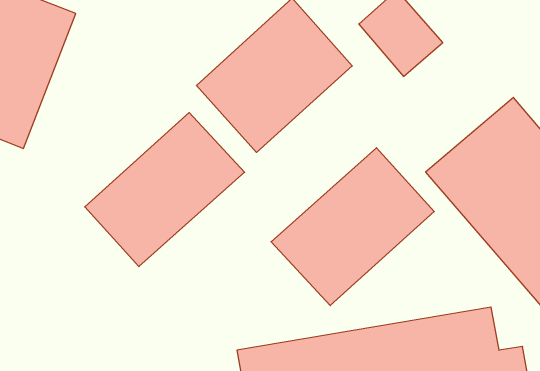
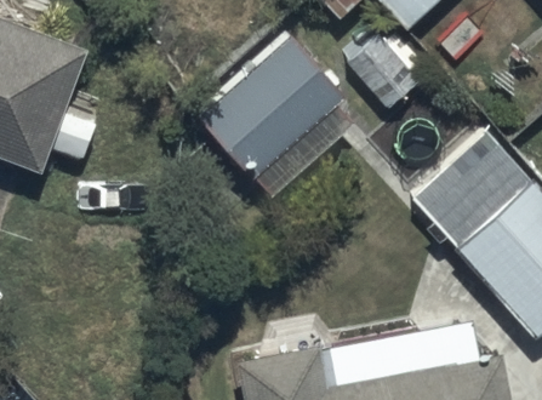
building: [85,113,245,267] -> none
building: [271,148,434,306] -> none

